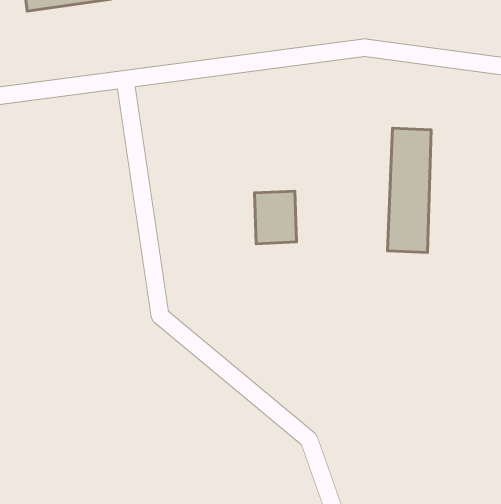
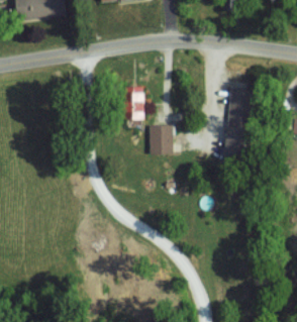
building: none -> [124,88,144,120]

